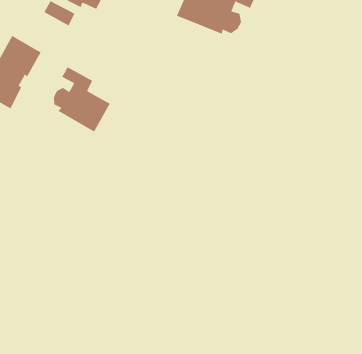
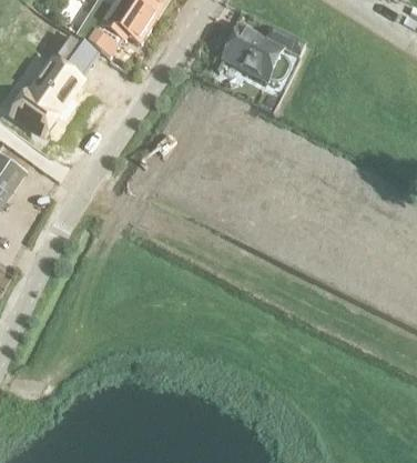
building: none -> [51,36,95,80]
building: [54,66,110,132] -> none

